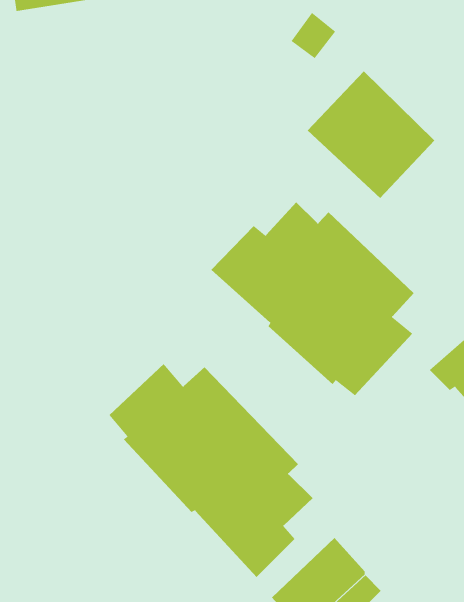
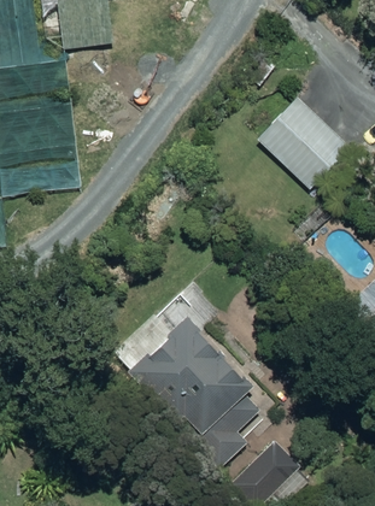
building: [210,202,415,396] -> none

